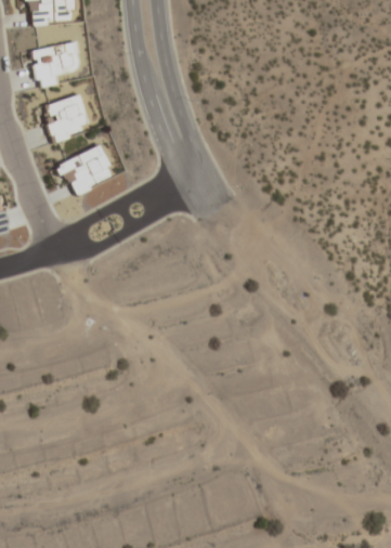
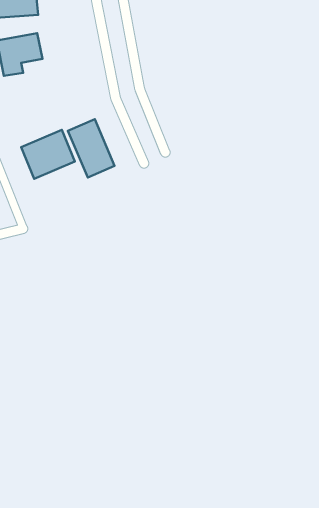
building: [41,94,89,141] -> none
building: none -> [68,119,115,178]

